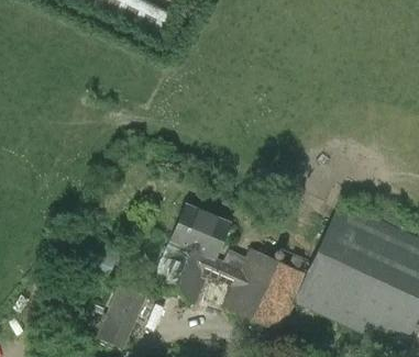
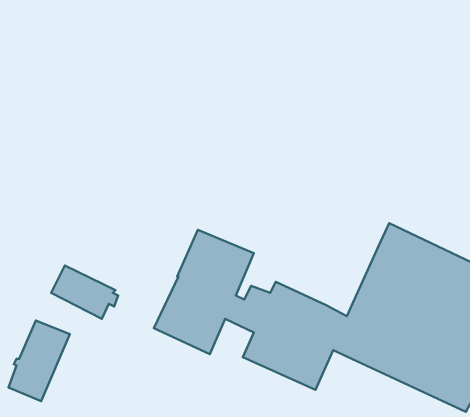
building: [97,285,146,349] -> [8,320,70,401]

